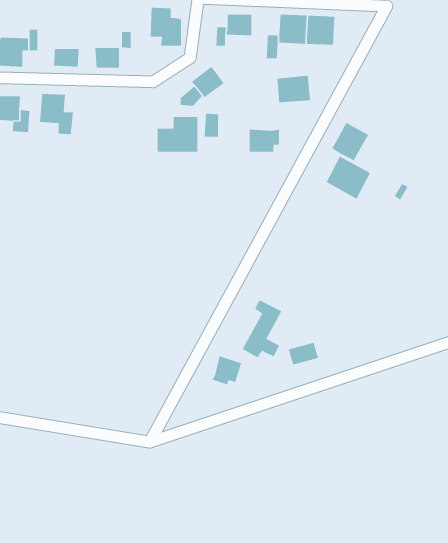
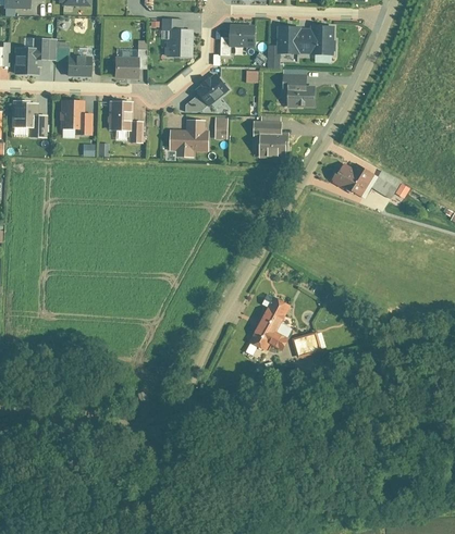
building: none -> [108,103,142,142]
building: none -> [248,115,279,134]
building: [332,122,369,161] -> none
building: [212,356,242,385] -> none

